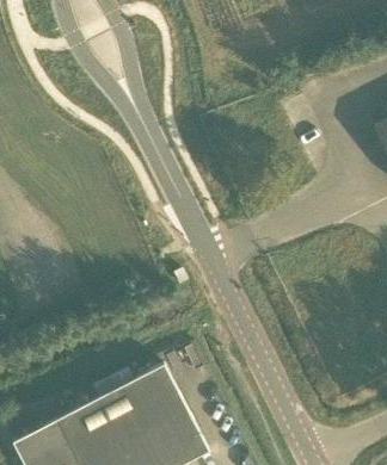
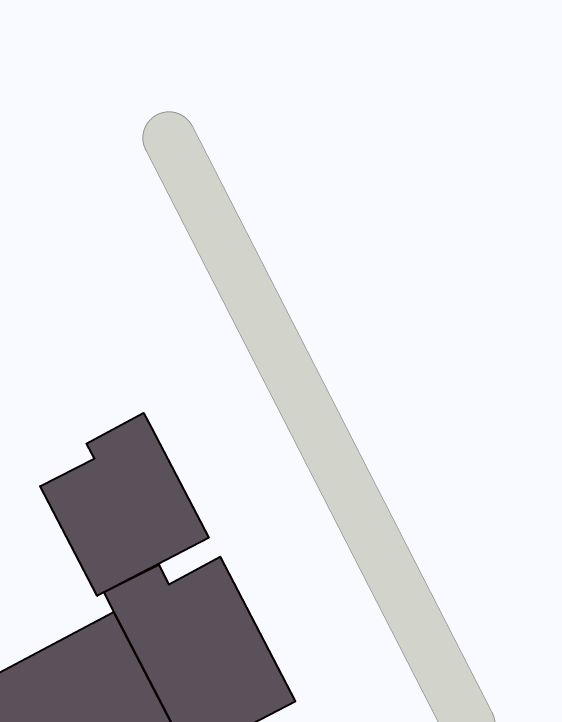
building: none -> [40,413,209,596]

